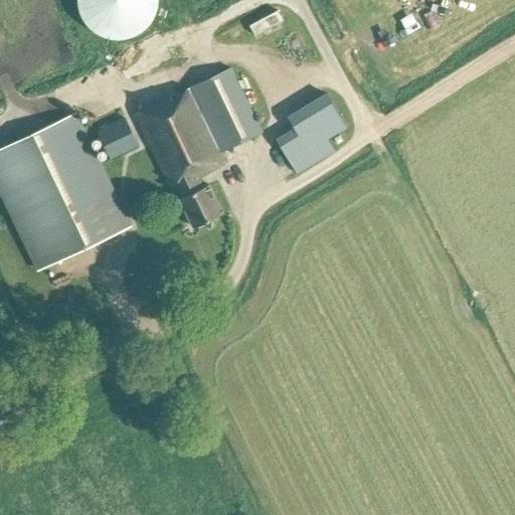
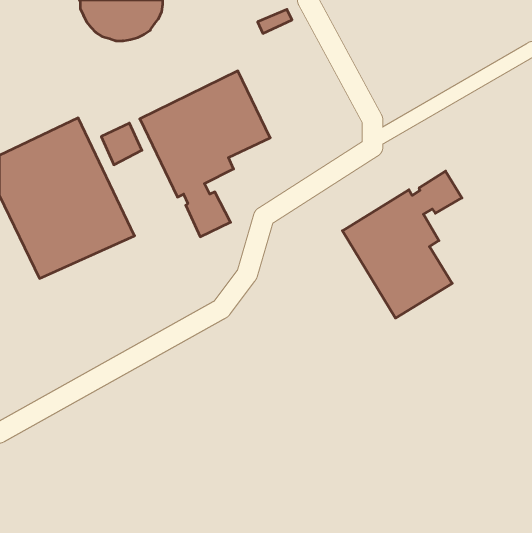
building: [275,95,347,174] -> none
building: none -> [342,171,462,318]

